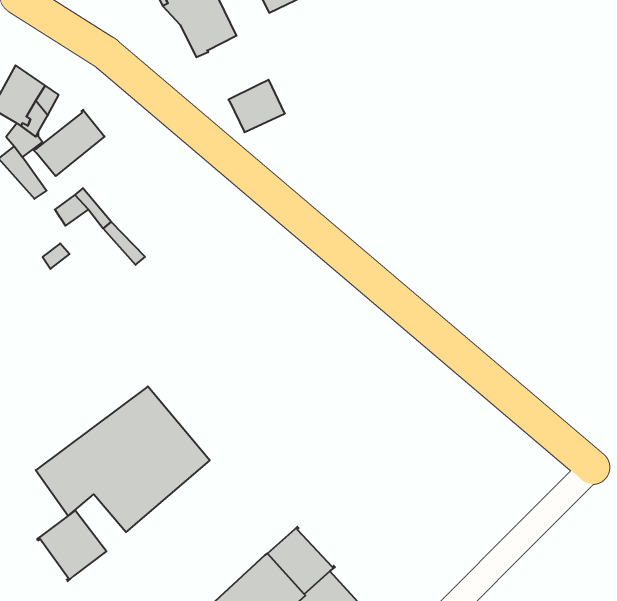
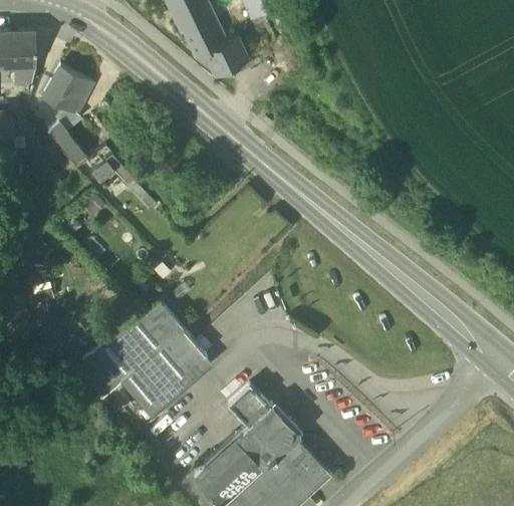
building: [228,80,285,132] -> [205,37,247,76]
building: [33,110,105,176] -> none
building: none -> [228,386,270,428]
building: [37,510,106,581] -> none

